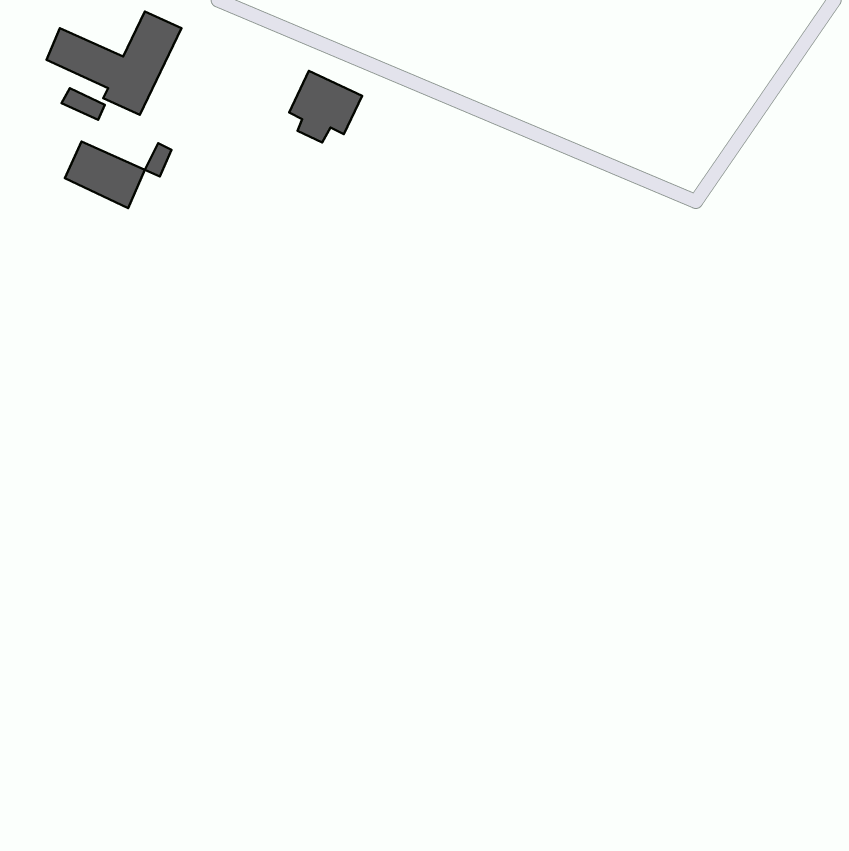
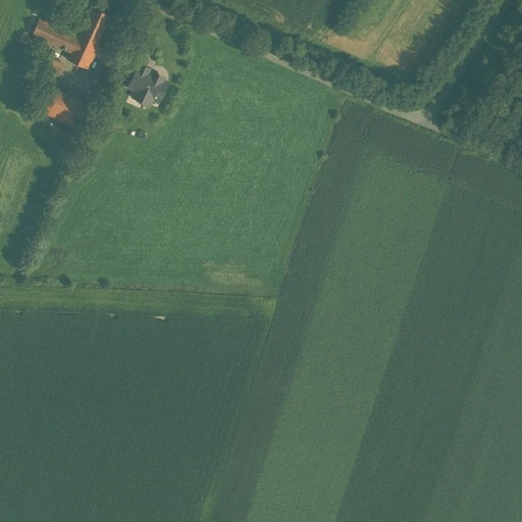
building: [289,71,362,142] -> [125,62,170,106]

